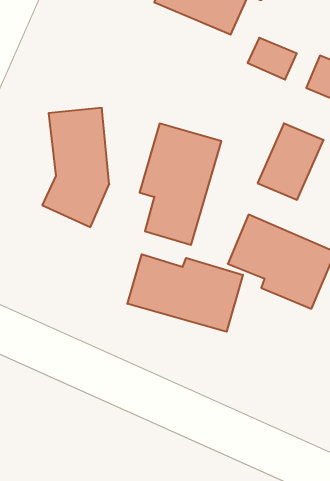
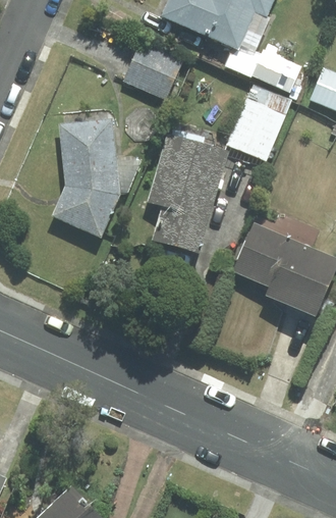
building: none -> [124,45,180,99]
building: [258,123,324,200] -> [227,86,291,160]
building: [127,254,243,332] -> none

